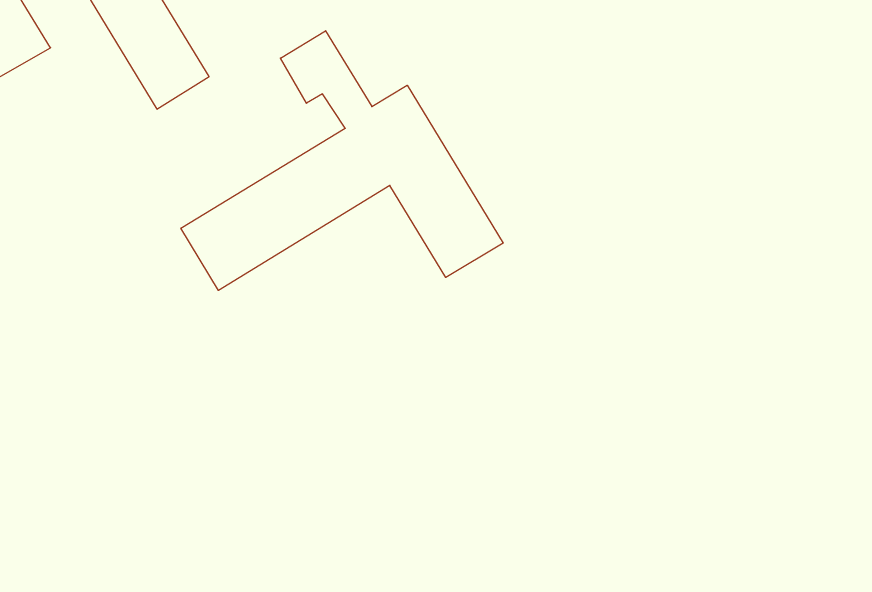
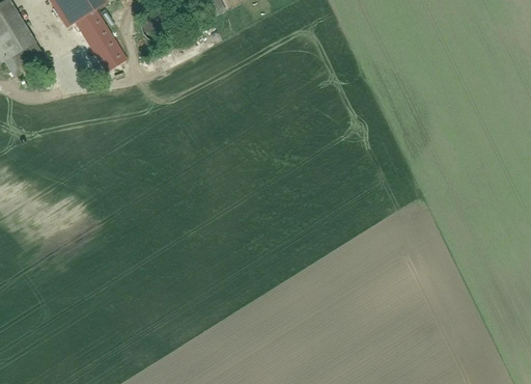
building: [181,31,503,290] -> none

